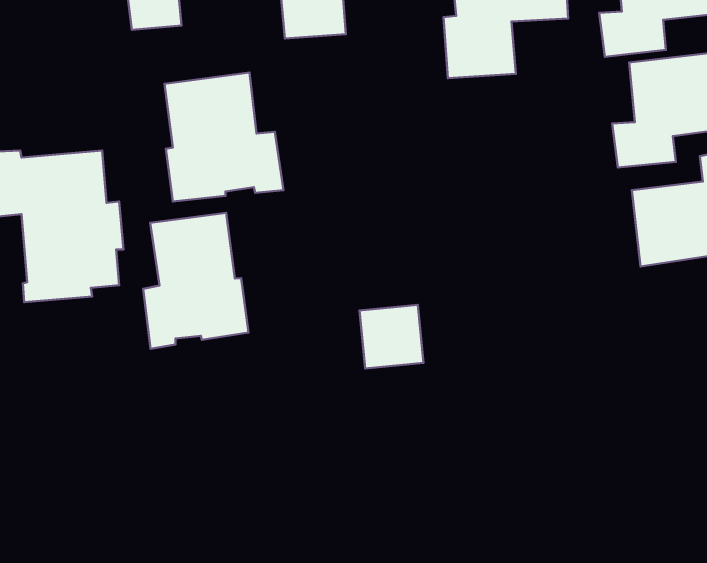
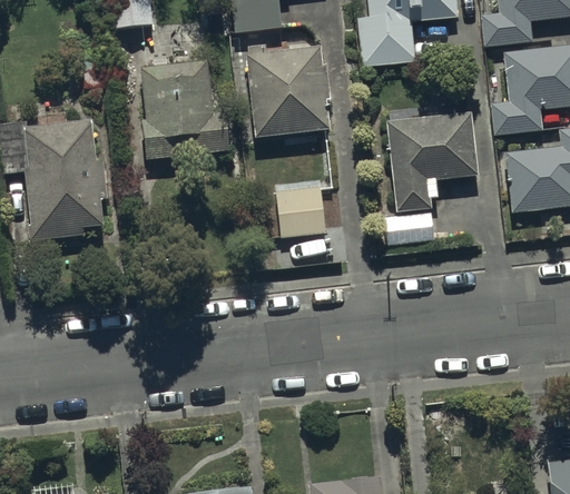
building: none -> [245,45,331,138]
building: none -> [385,112,476,243]
building: [143,213,248,349] -> none
building: [360,305,423,369] -> [277,185,327,235]

